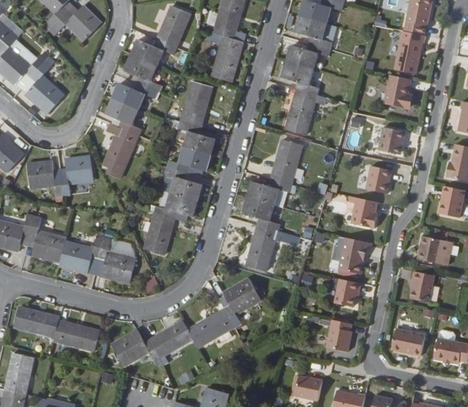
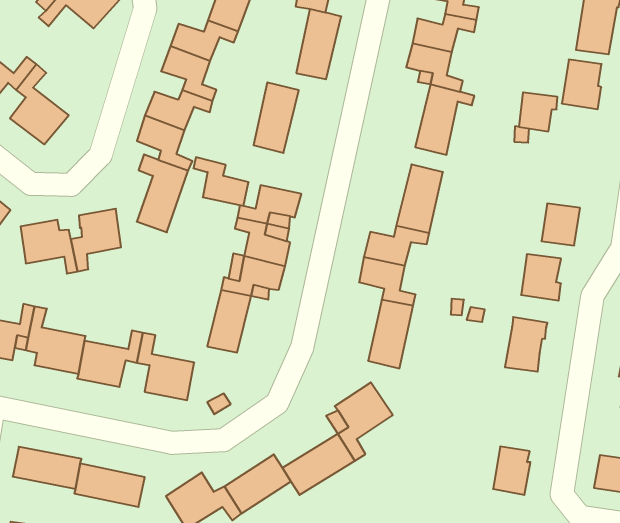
building: [181,119,216,152] -> [193,157,249,206]
building: [377,128,403,154] -> [519,92,557,131]
building: [333,280,360,308] -> none

